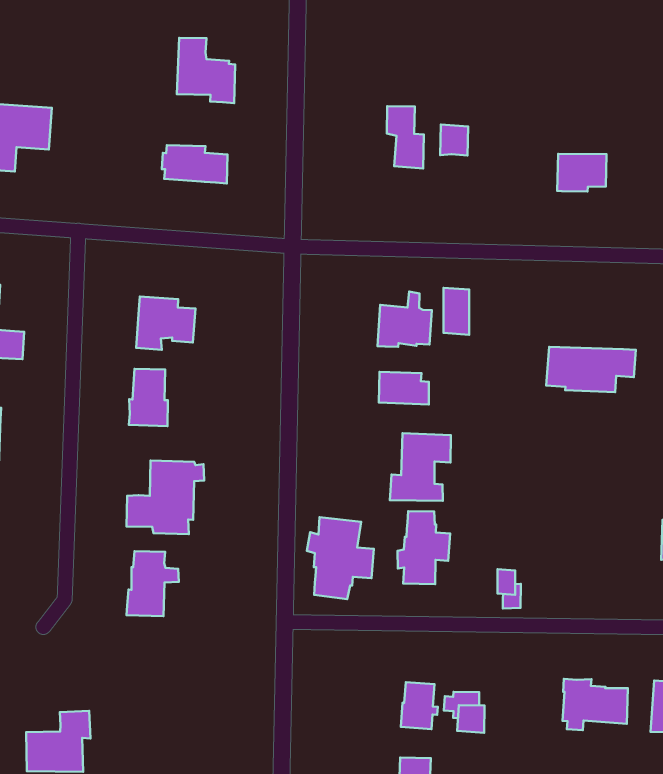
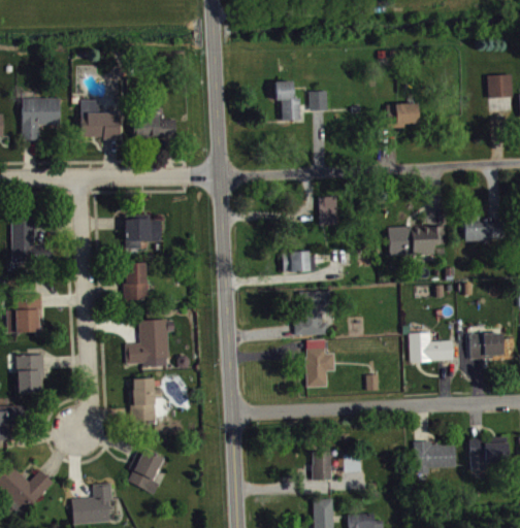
building: [177,38,235,103] -> [80,100,119,140]
building: [378,291,432,347] -> none
building: none -> [410,333,453,363]
building: [307,517,374,599] -> none
building: none -> [128,446,167,492]

